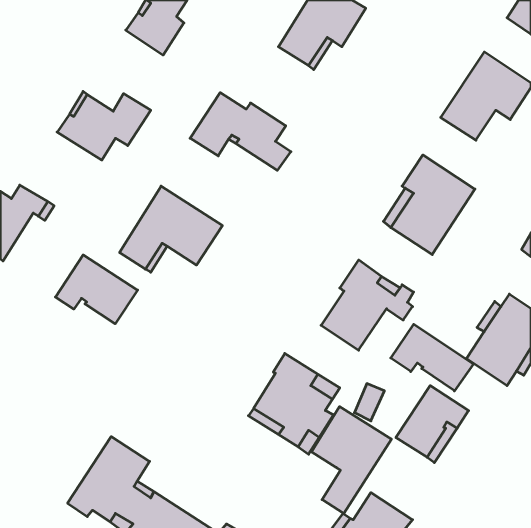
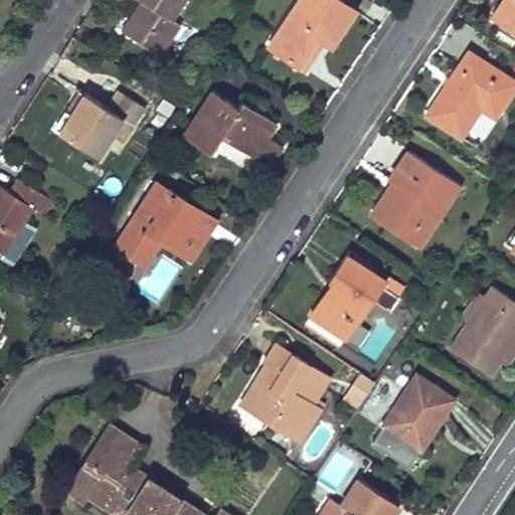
building: [55,255,138,324] -> none
building: [391,324,473,391] -> none
building: [312,407,391,513] -> none

